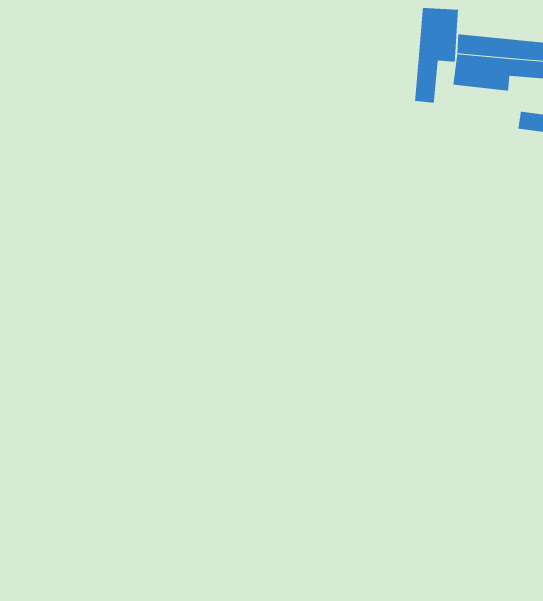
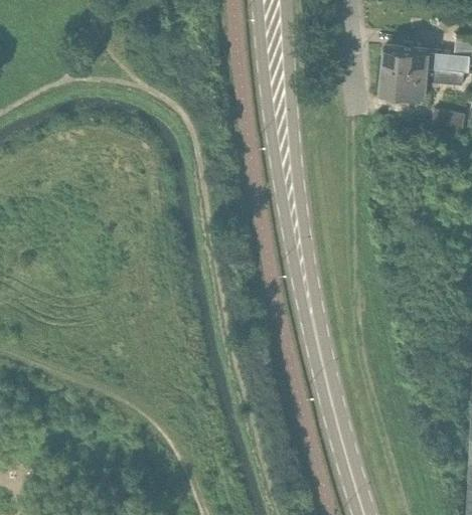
building: [414,7,458,104] -> none

